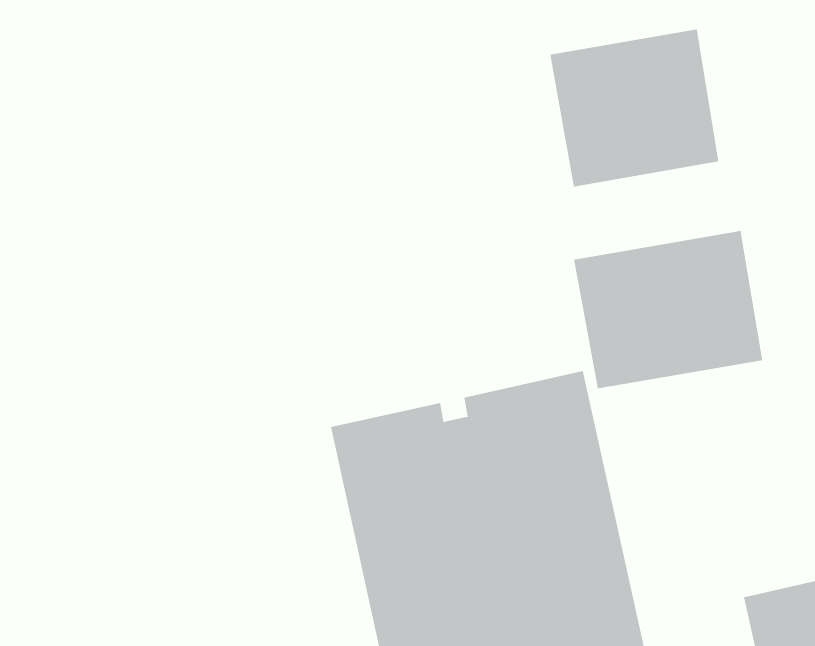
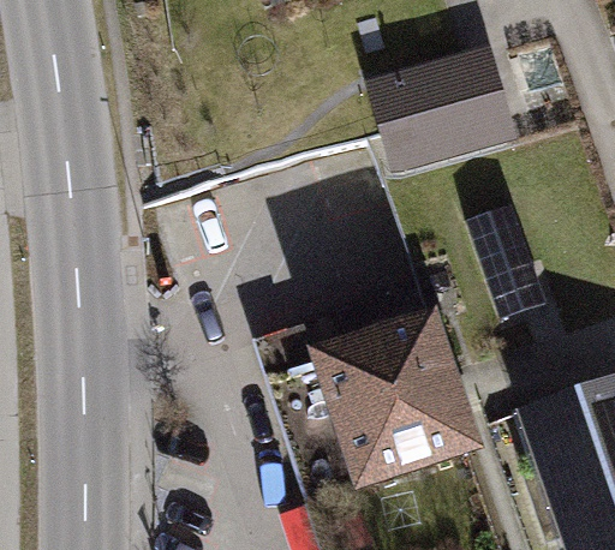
building: [574,230,763,389] -> none

